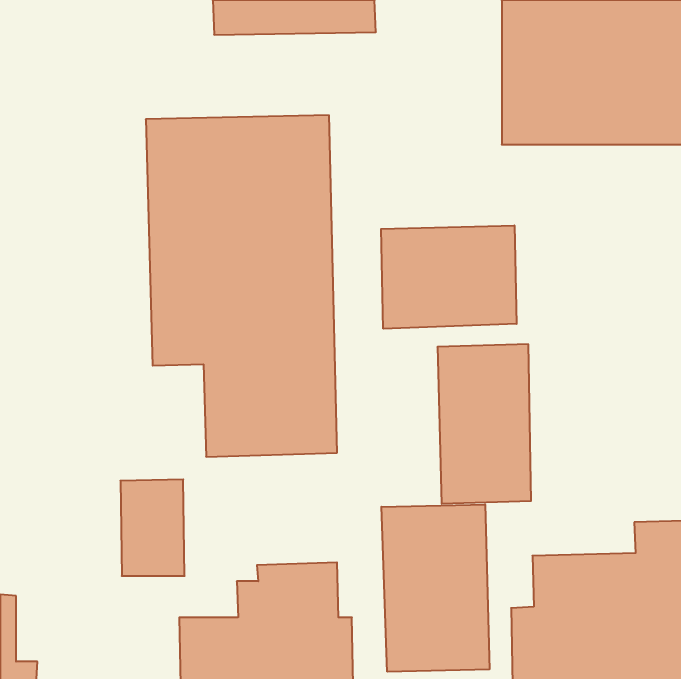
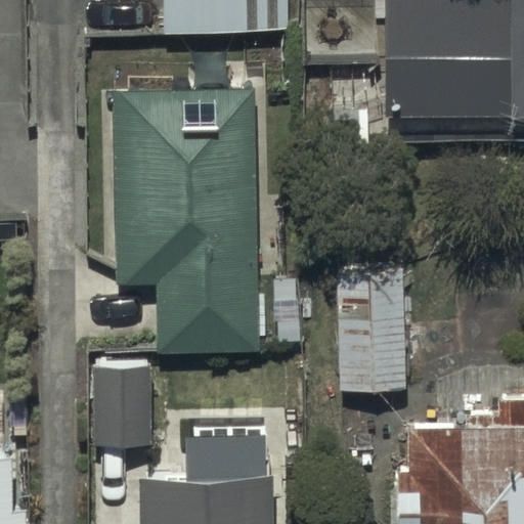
building: [381,225,517,329] -> none
building: [381,504,489,672] -> none

